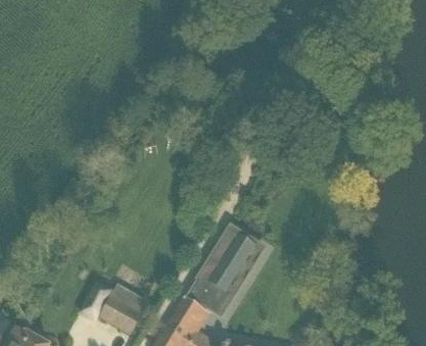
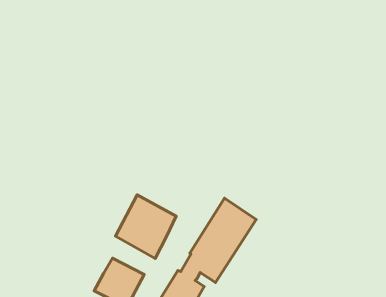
building: none -> [115,195,176,259]

